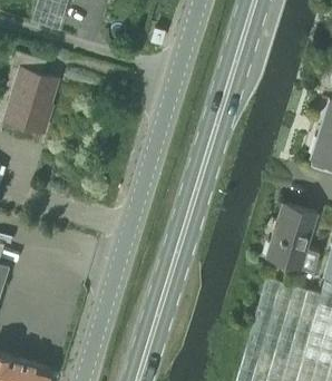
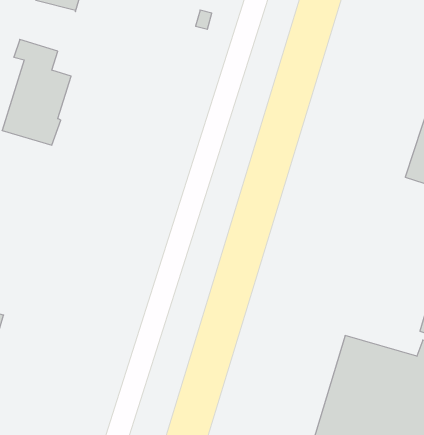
building: [263,206,314,273] -> none

